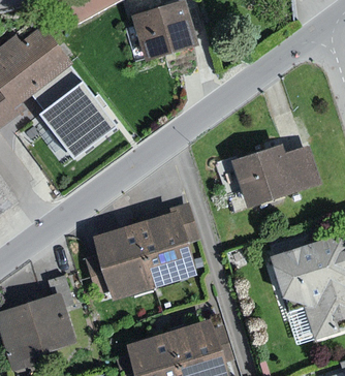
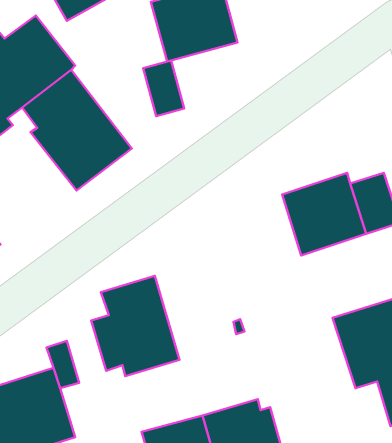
building: none -> [143,60,184,116]
building: [134,200,199,287] -> none

